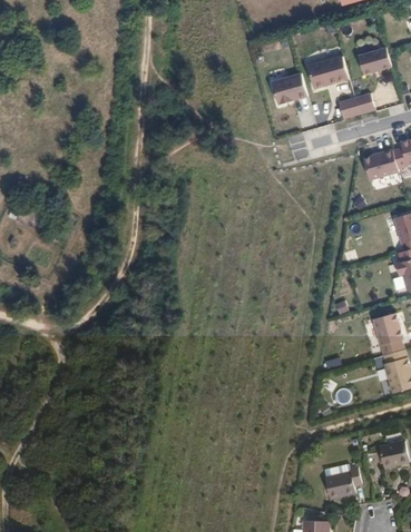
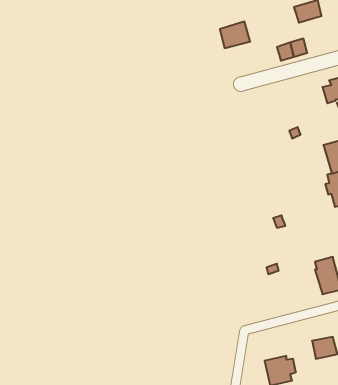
building: [306,55,348,88] -> none
building: [362,149,398,179] -> none
building: [371,312,402,354] -> none

